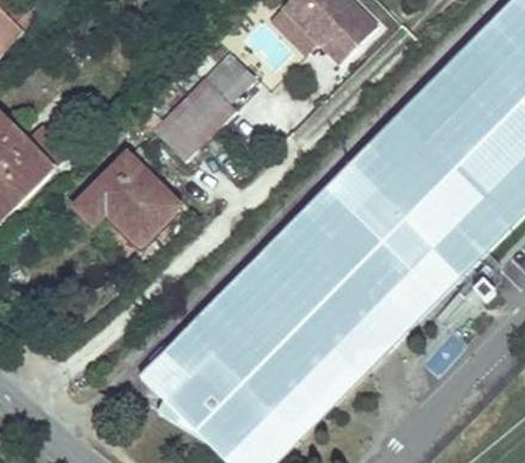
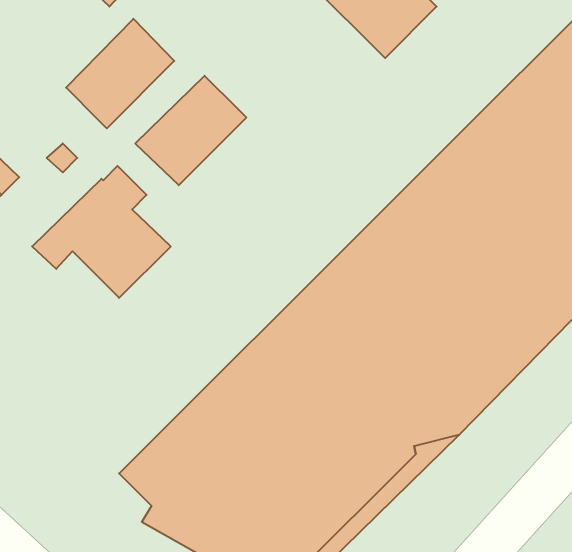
building: none -> [66,19,174,128]
building: [203,55,252,102] -> none

